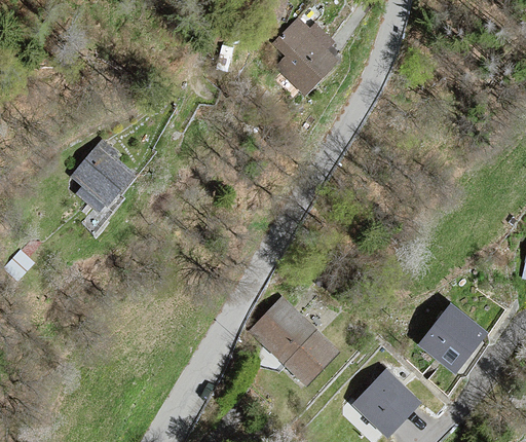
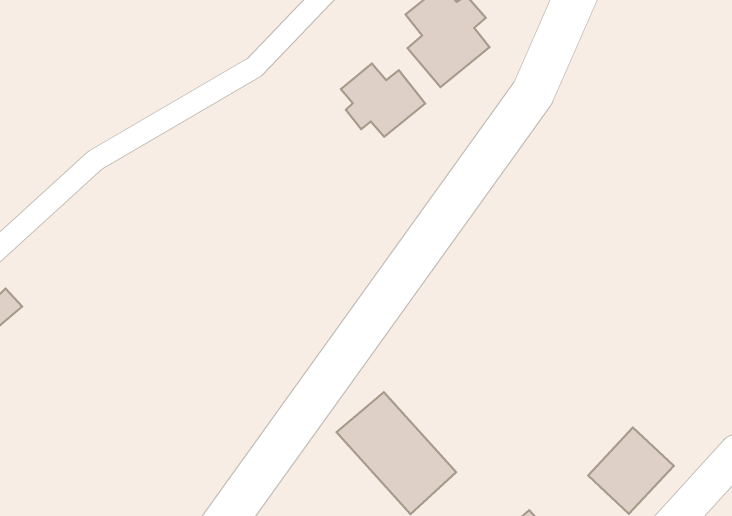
building: none -> [341,63,425,137]
building: [73,140,130,210] -> none

